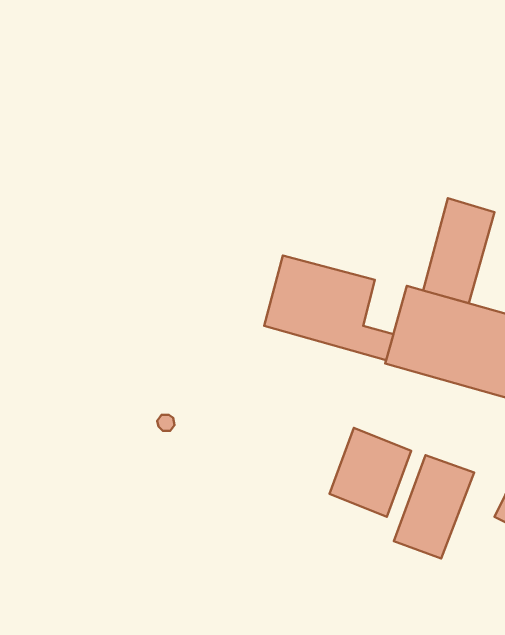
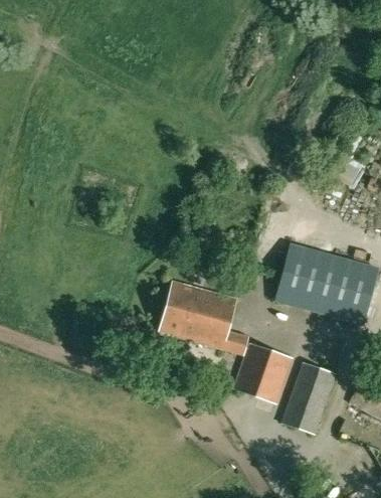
building: [423,198,495,303] -> none
building: [264,255,393,360] -> [160,282,250,355]

